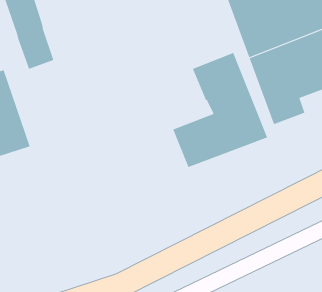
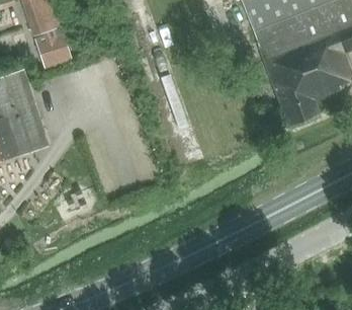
building: [173,52,268,168] -> none

